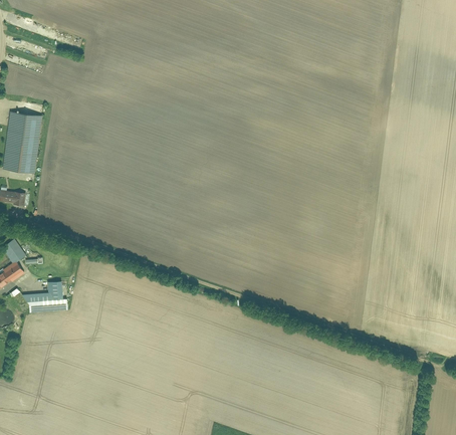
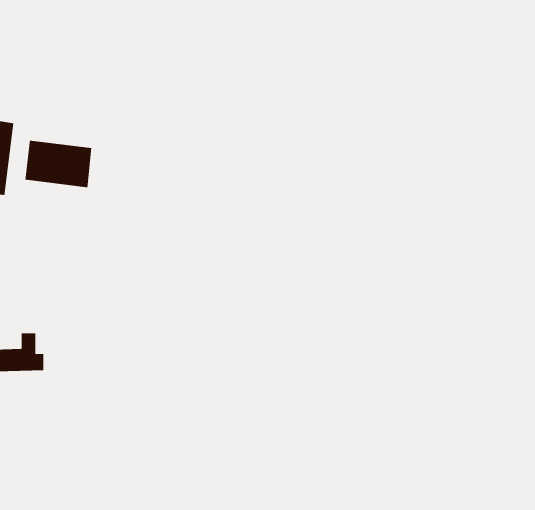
building: none -> [25,140,92,188]

